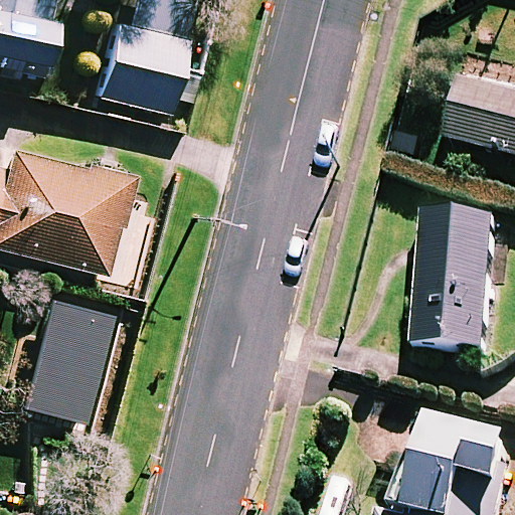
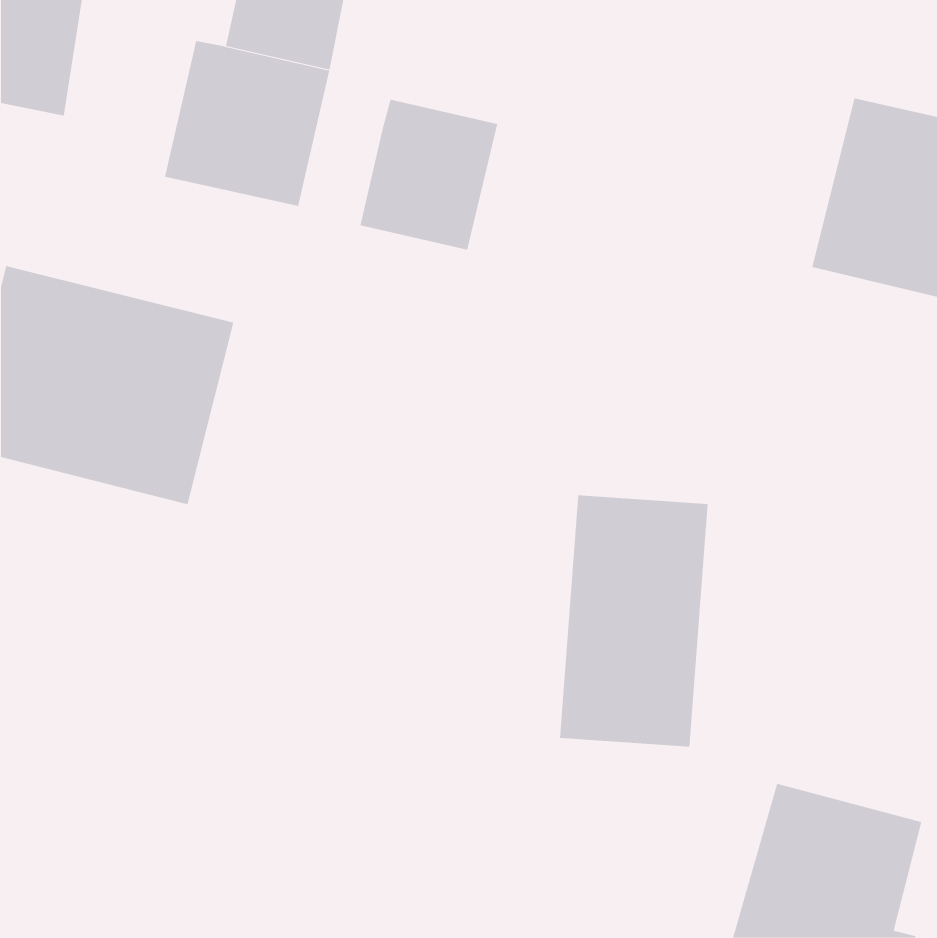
building: none -> [360,99,498,251]
building: [414,216,496,354] -> [559,495,708,747]
building: [33,309,85,384] -> none

